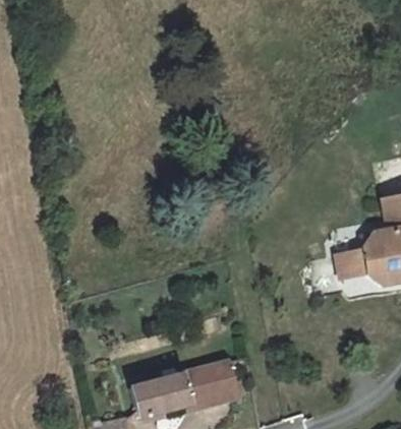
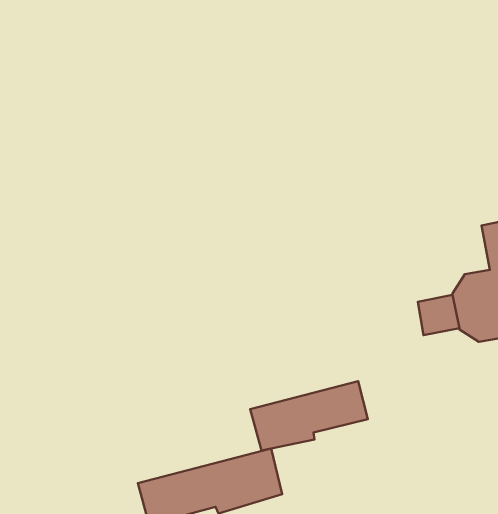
building: none -> [250,381,368,451]

